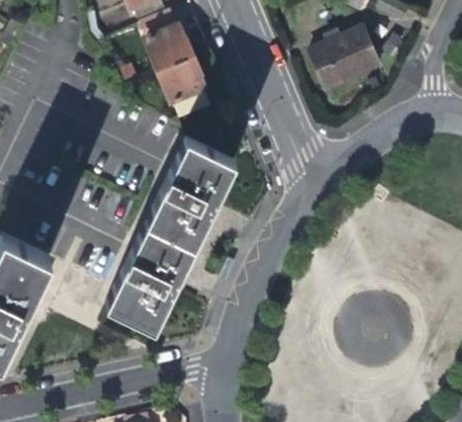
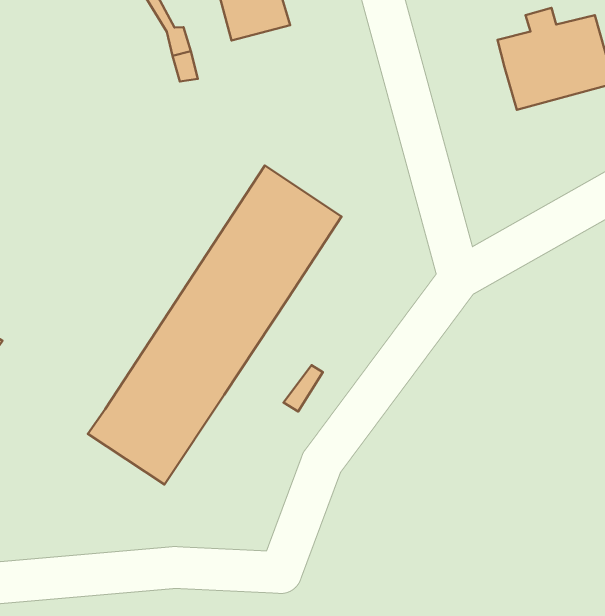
building: [160,58,211,116] -> none

